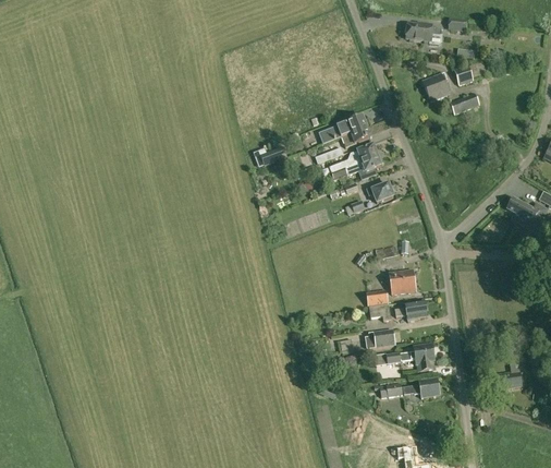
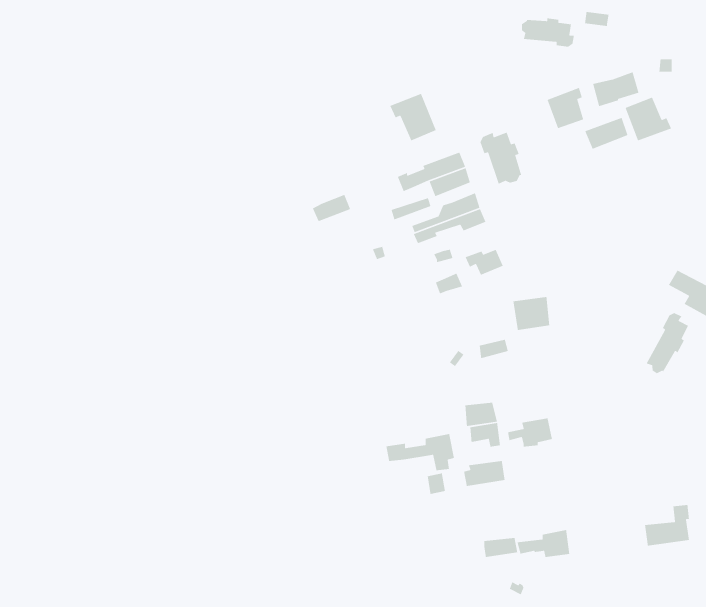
building: none -> [389,93,437,141]
building: none -> [625,97,672,142]
building: none -> [479,132,522,185]
building: none -> [645,312,689,374]
building: [389,269,415,293] -> [512,296,550,331]
building: [387,344,434,370] -> [385,433,455,471]

